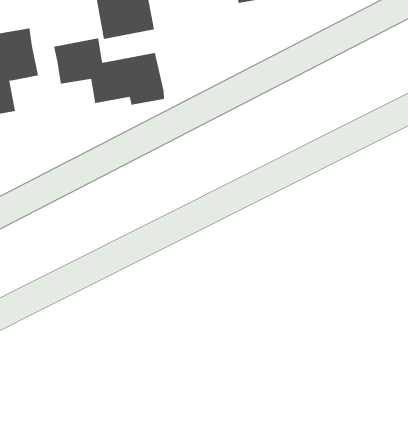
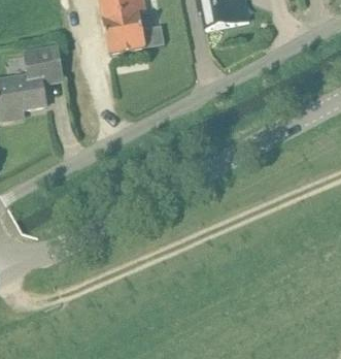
building: [53,38,165,106] -> none

